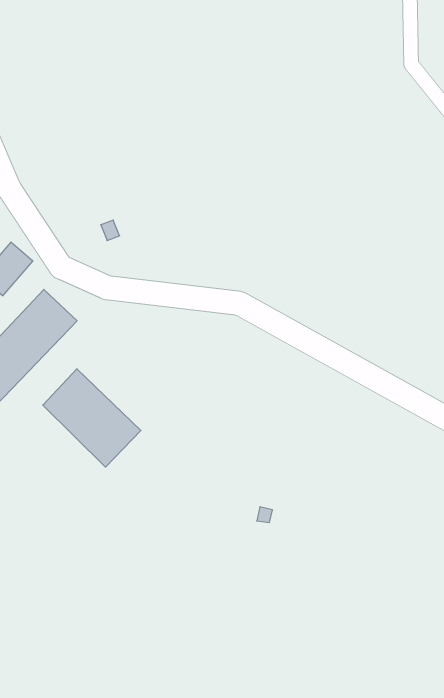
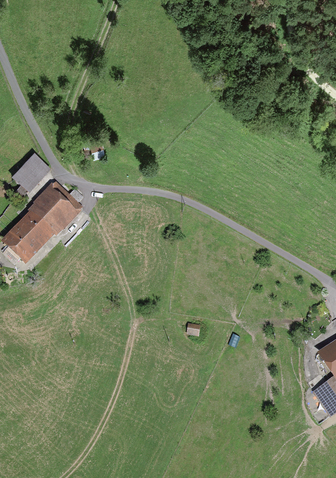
building: [43,369,141,467] -> none

